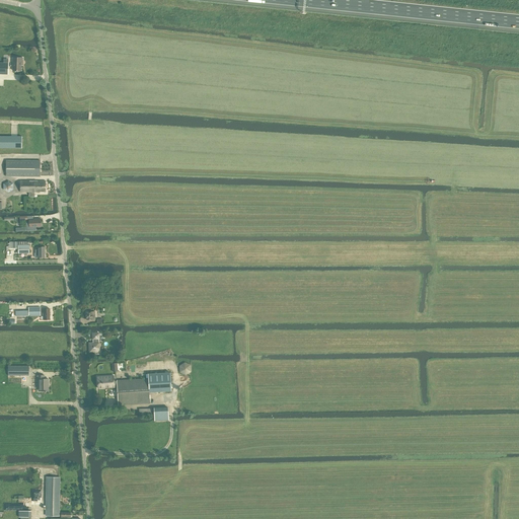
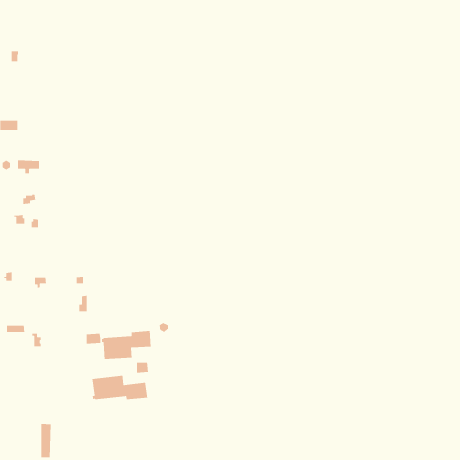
building: [5,159,40,175] -> none
building: none -> [91,375,148,400]

